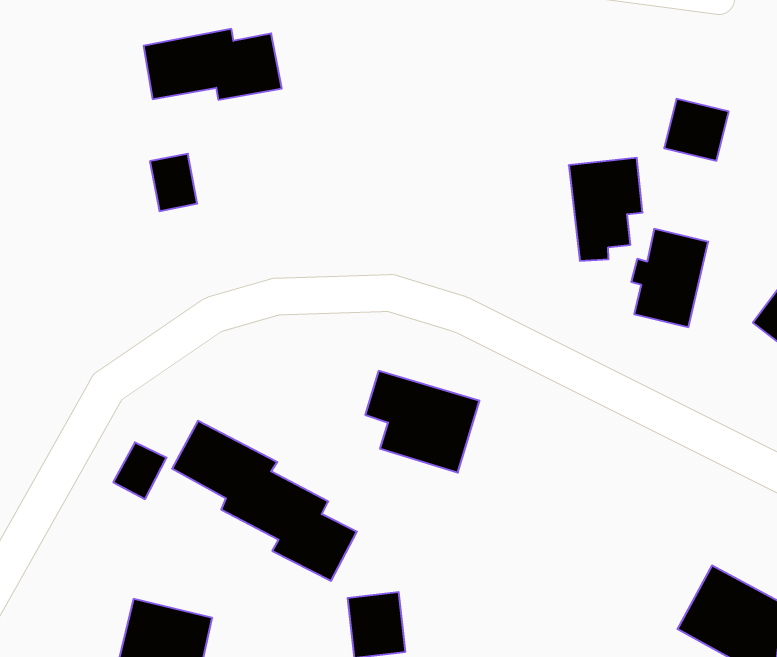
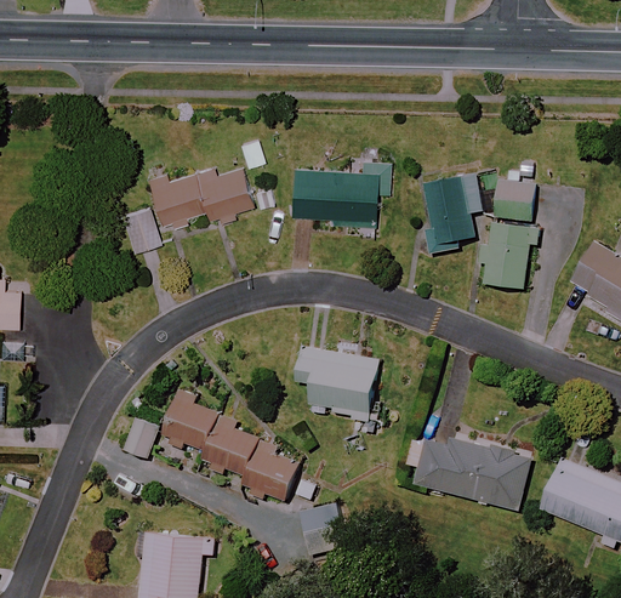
building: [144,29,282,100] -> [149,166,252,223]
building: [664,99,729,161] -> [492,180,536,221]
building: none -> [291,161,386,220]
building: none -> [414,438,531,511]

